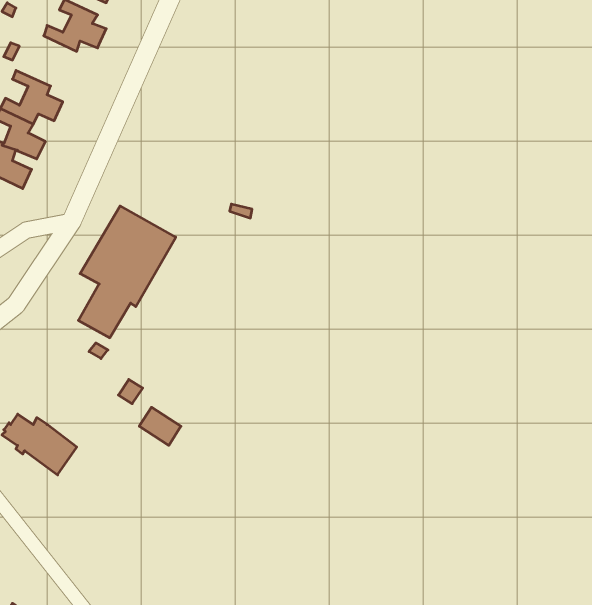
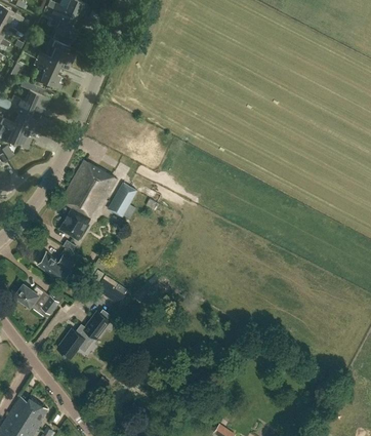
building: none -> [35,60,65,89]
building: none -> [107,182,135,216]
building: none -> [37,252,73,281]
building: none -> [53,310,110,354]

